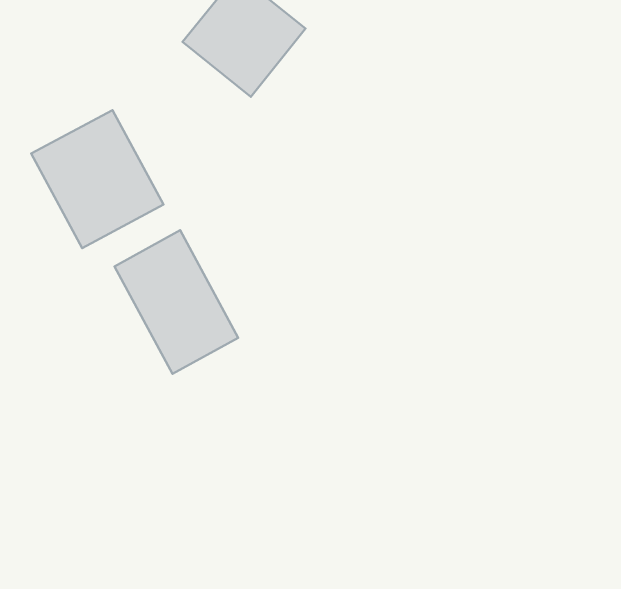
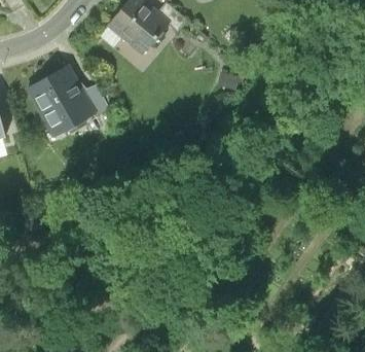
building: [114,230,238,374] -> none

